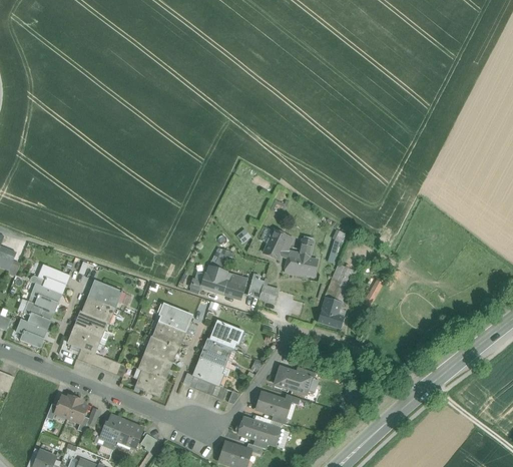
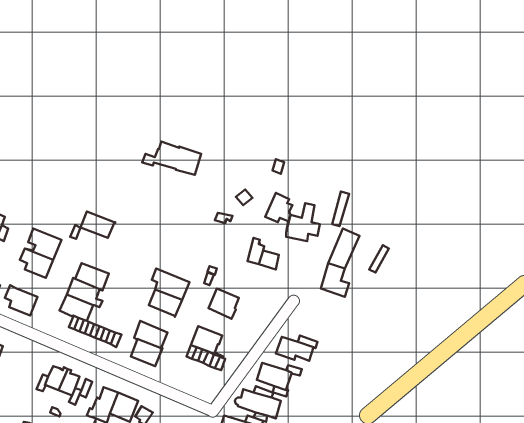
building: [191,267,247,299] -> [142,141,201,175]
building: [89,282,122,307] -> [81,212,115,238]
building: [23,300,55,329] -> none
building: [145,337,177,363] -> none
building: [200,339,230,366] -> none

